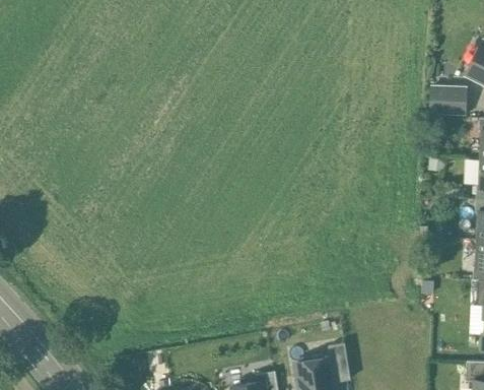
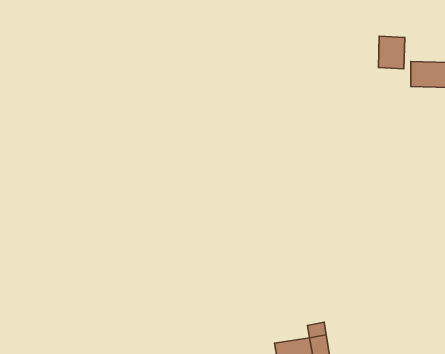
building: none -> [378,36,405,69]

